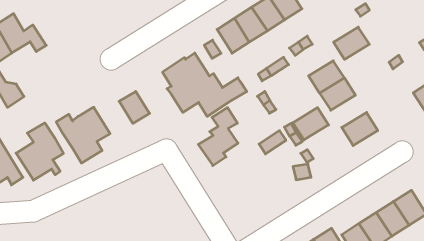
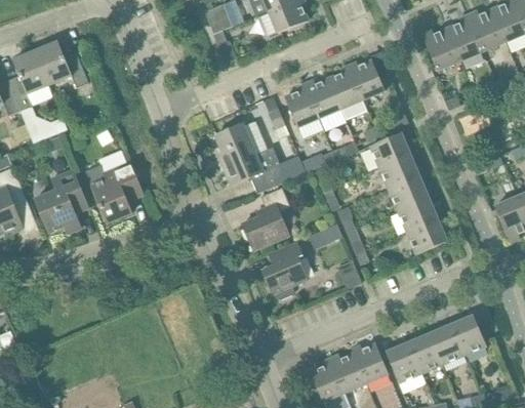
building: [334,27,369,59] -> [370,133,410,167]
building: [119,91,150,123] -> none
building: [293,108,329,140] -> [398,198,438,232]
building: none -> [262,243,308,299]

